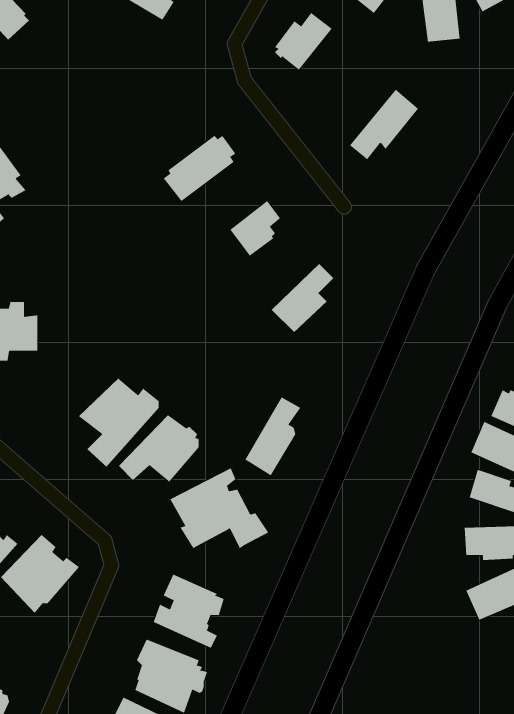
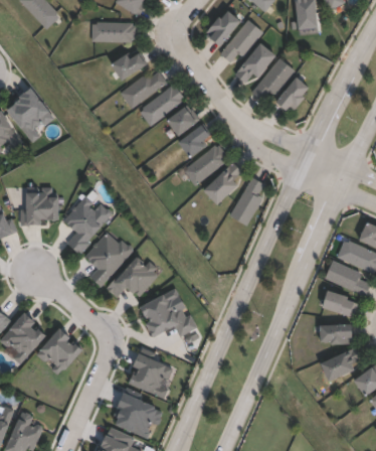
building: none -> [217,19,259,62]
building: none -> [87,22,133,43]
building: none -> [231,43,274,85]
building: none -> [109,54,144,82]
building: none -> [117,71,164,110]
building: none -> [273,79,308,114]
building: none -> [164,108,196,138]
building: none -> [181,146,224,186]
building: none -> [64,189,112,255]
building: [245,396,301,476] -> [227,178,261,227]

